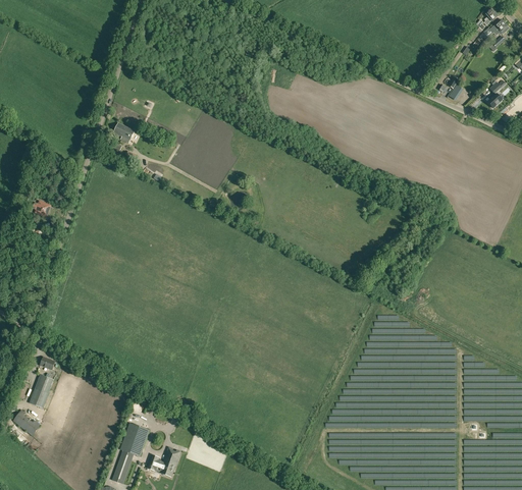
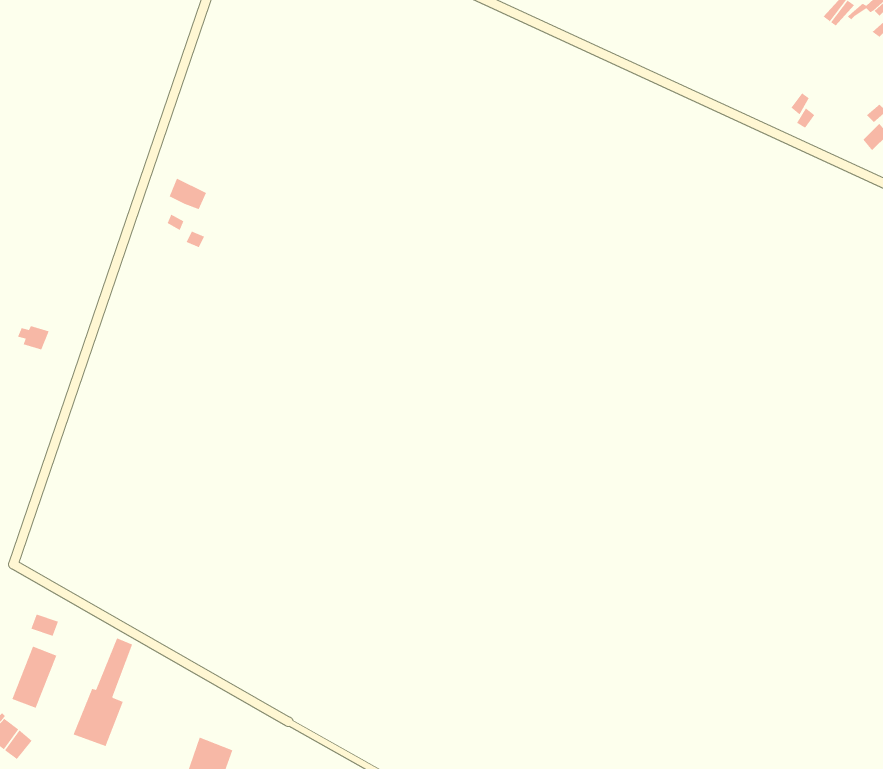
building: none -> [73,637,133,747]

